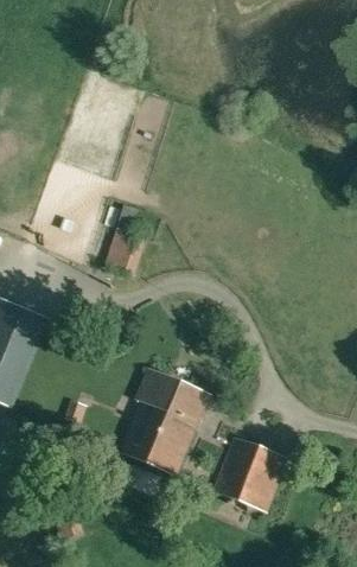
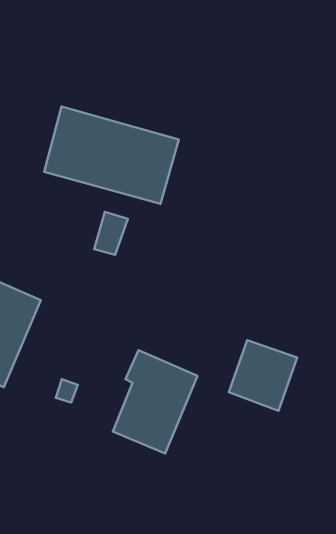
building: none -> [44,106,179,204]
building: [215,438,285,510] -> [229,340,297,411]

